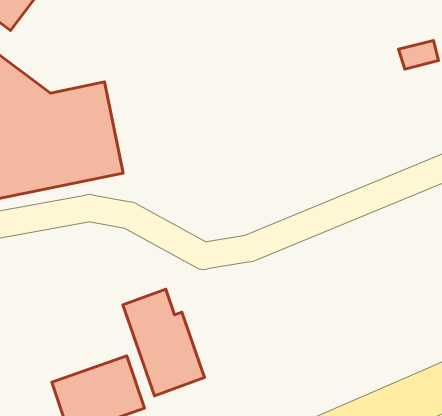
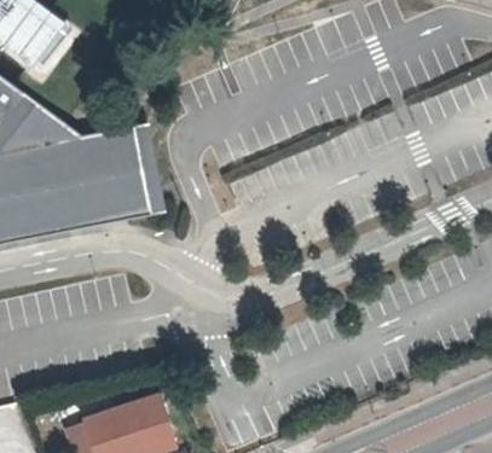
building: [123,289,205,396] -> none

